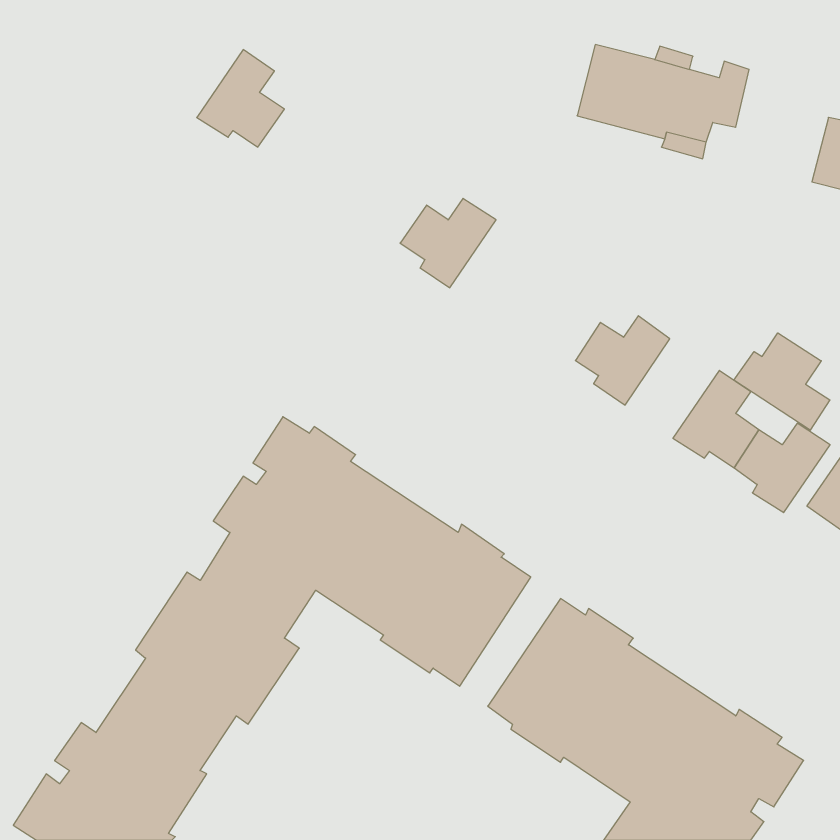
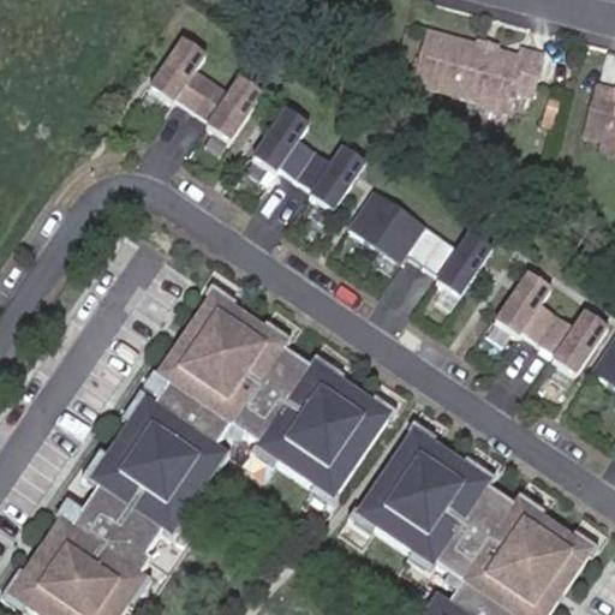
building: none -> [191,73,261,139]
building: none -> [250,106,314,177]
building: none -> [347,189,440,262]
building: [734,333,830,430] -> none

